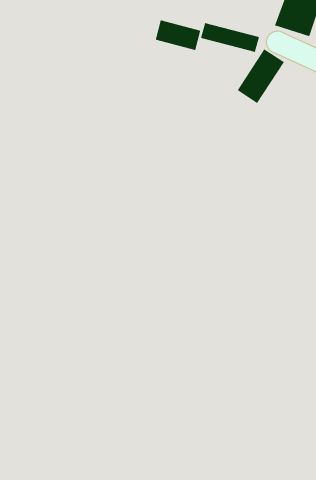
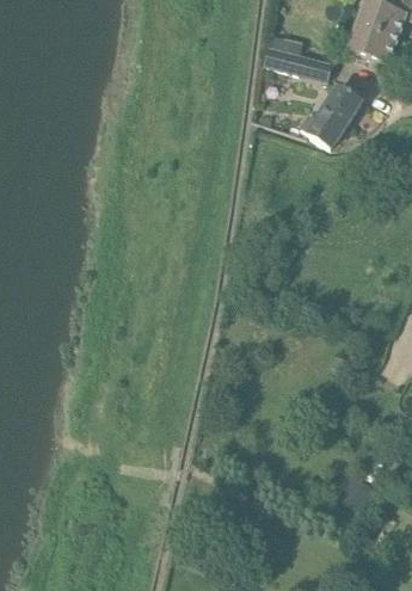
building: [155,20,201,51] -> none

